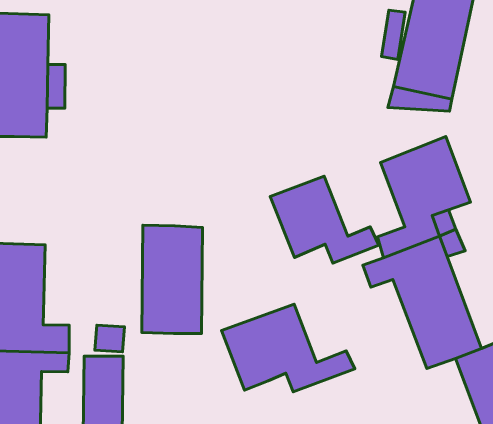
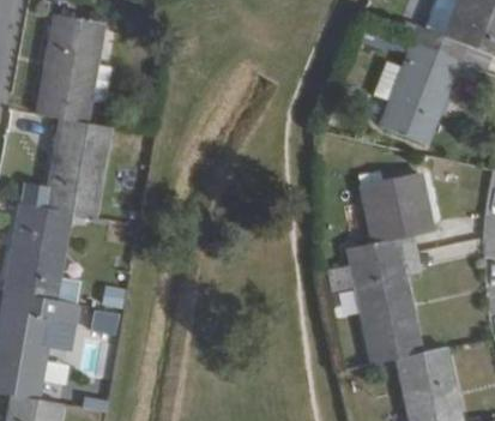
building: [270,176,379,263] -> none
building: [142,225,203,333] -> [46,118,109,215]
building: [221,304,355,392] -> none

